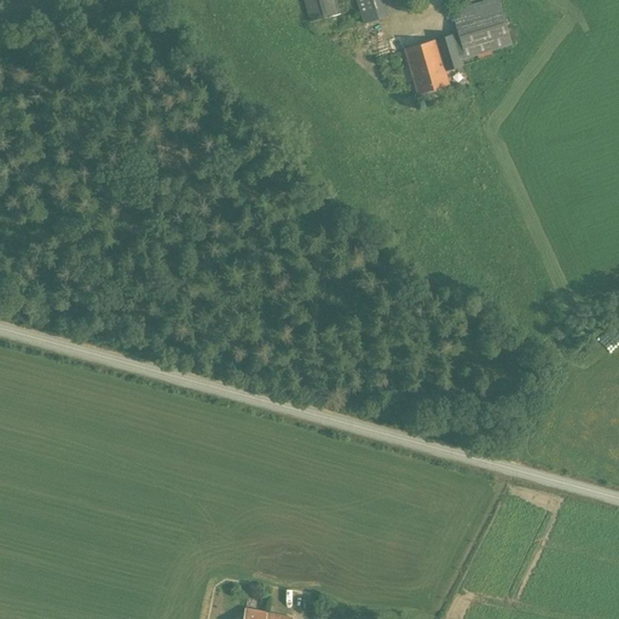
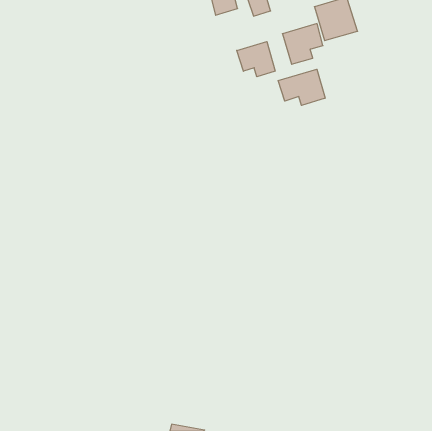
building: none -> [237,42,275,77]
building: none -> [278,69,325,105]

